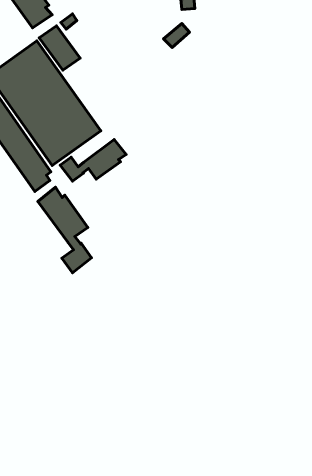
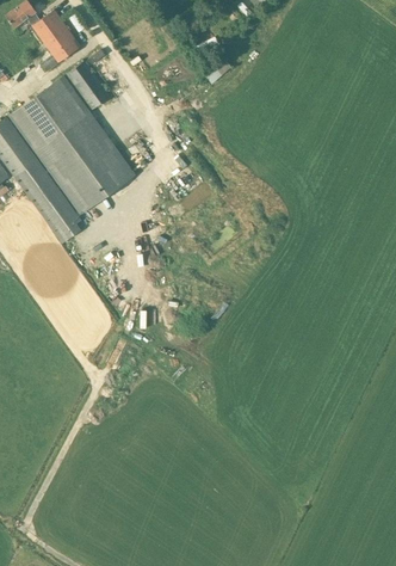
building: [60,140,126,181] -> none
building: [38,187,92,273] -> none

